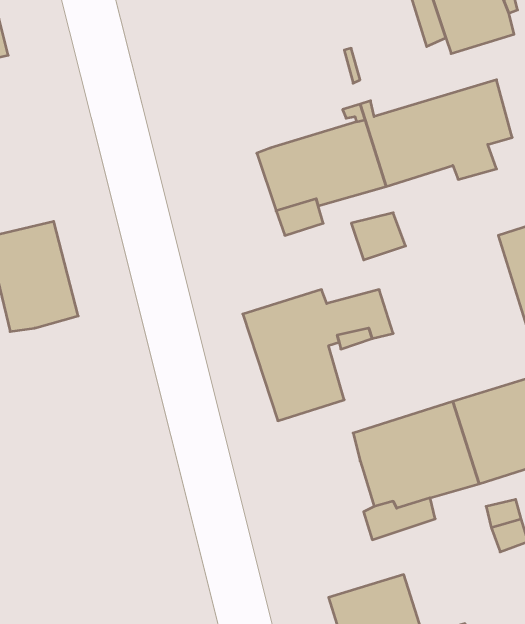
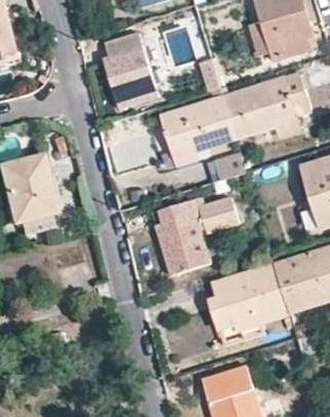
building: none -> [103,33,156,108]

